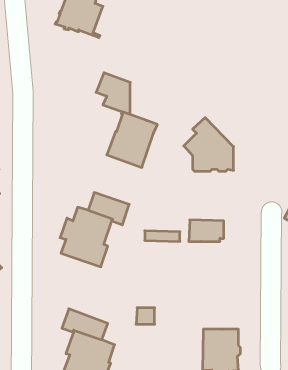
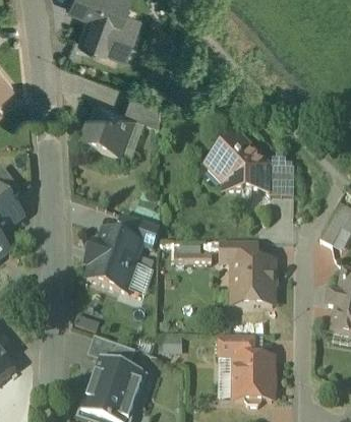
building: [107,112,157,167] -> [81,102,134,160]
building: none -> [265,157,294,198]
building: none -> [233,263,273,307]
building: none -> [218,338,254,359]

